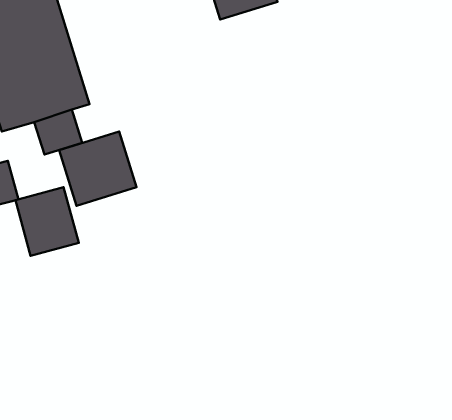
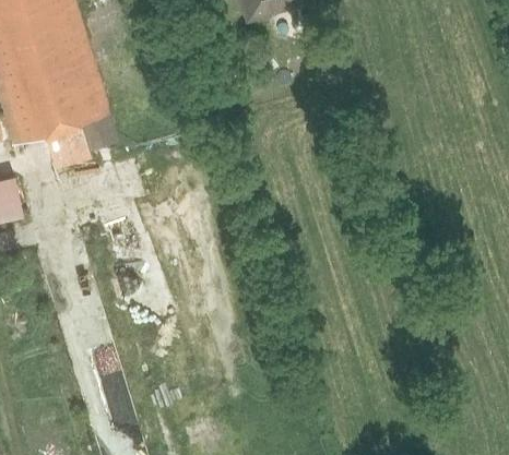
building: [59,131,136,206] -> none
building: [15,187,79,256] -> none

